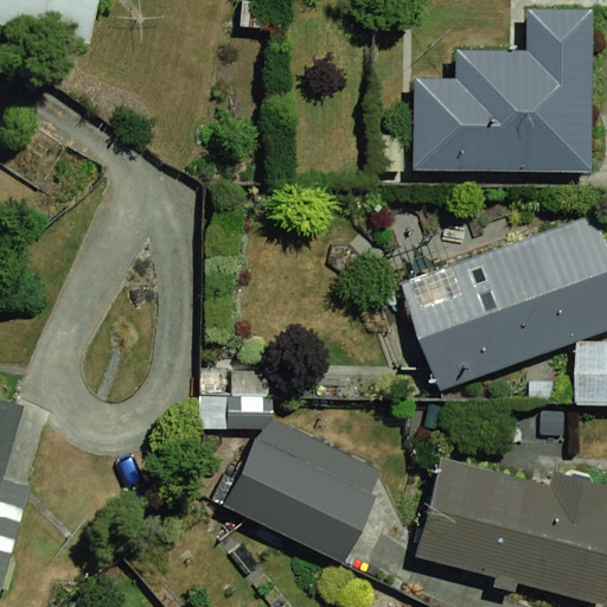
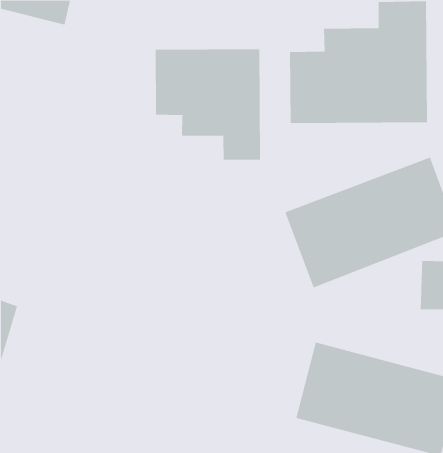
building: none -> [155,48,261,161]
building: [211,418,376,571] -> none

